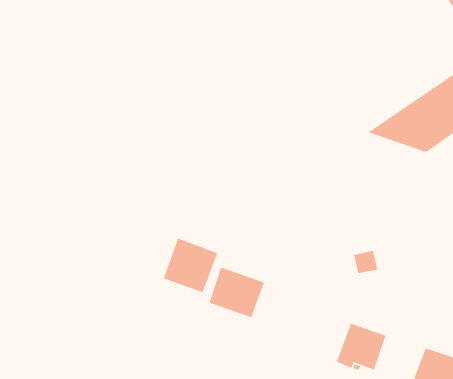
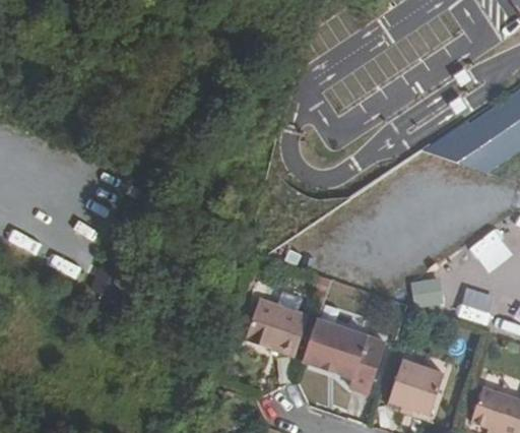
building: [163,237,218,293] -> none
building: none -> [306,315,387,386]

